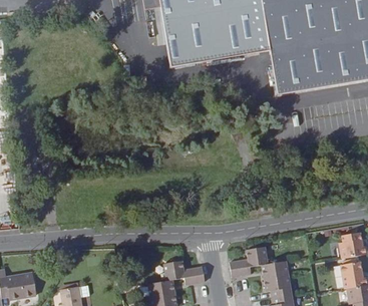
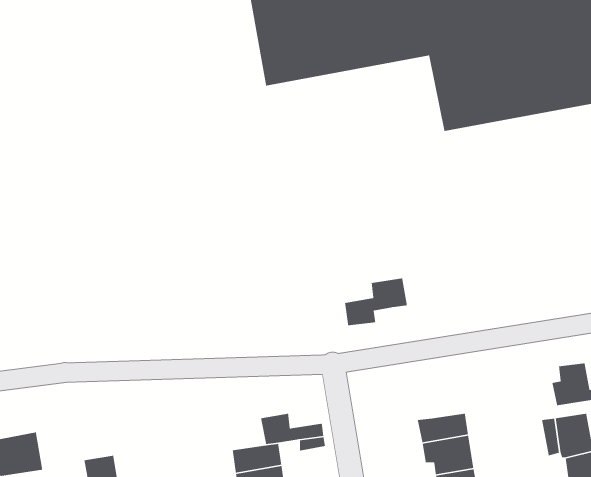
building: [230,247,268,276] -> [344,277,408,326]

